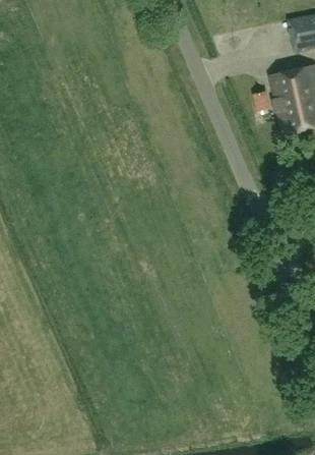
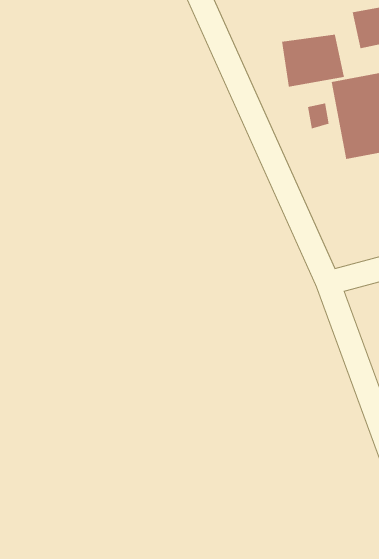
building: none -> [281,34,344,87]

